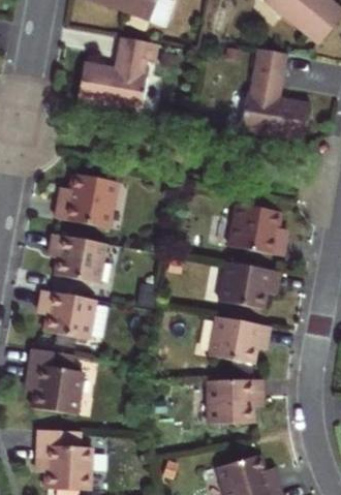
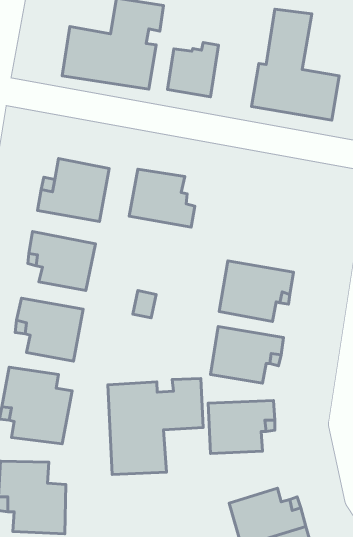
building: none -> [168,42,218,97]
building: [221,205,276,253] -> [129,169,195,227]
building: none -> [108,379,203,474]

